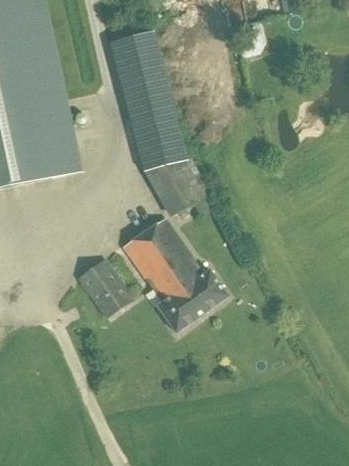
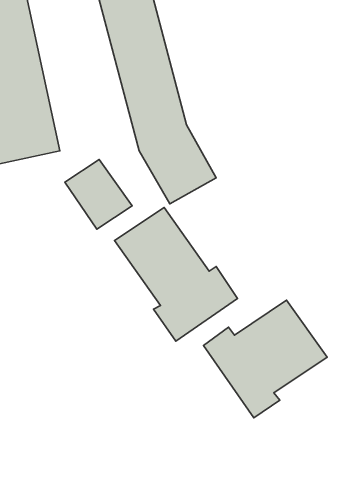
building: [76,257,133,316] -> [65,160,132,229]
building: none -> [204,300,327,418]

